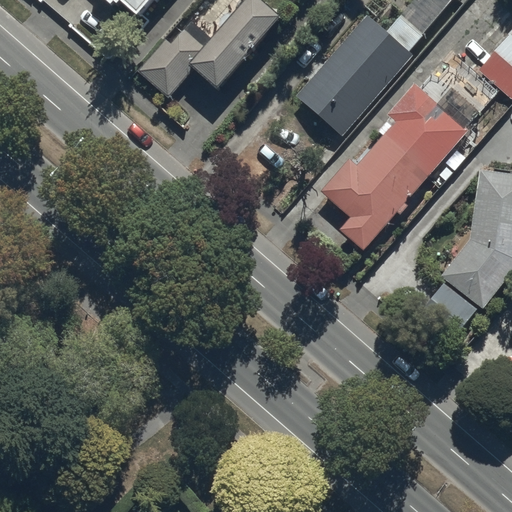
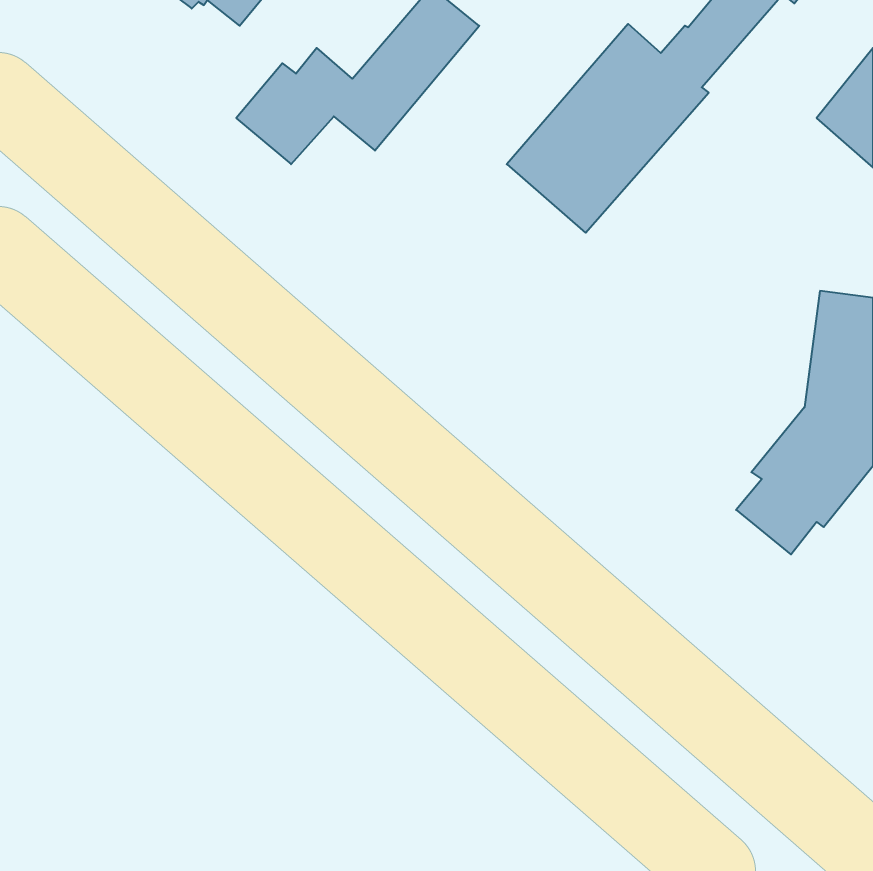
building: [322,82,469,250] -> none

